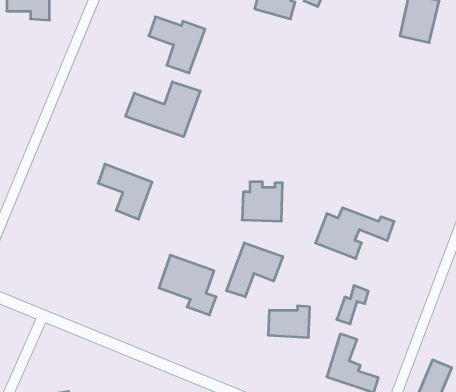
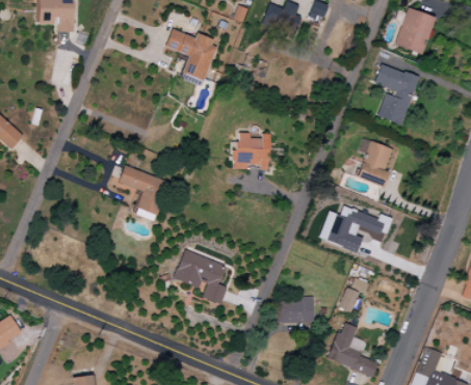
building: none -> [374,64,418,125]
building: [126,82,200,137] -> none
building: none -> [358,139,392,186]
building: [242,182,283,221] -> [232,133,269,169]
building: [227,243,283,297] -> none

